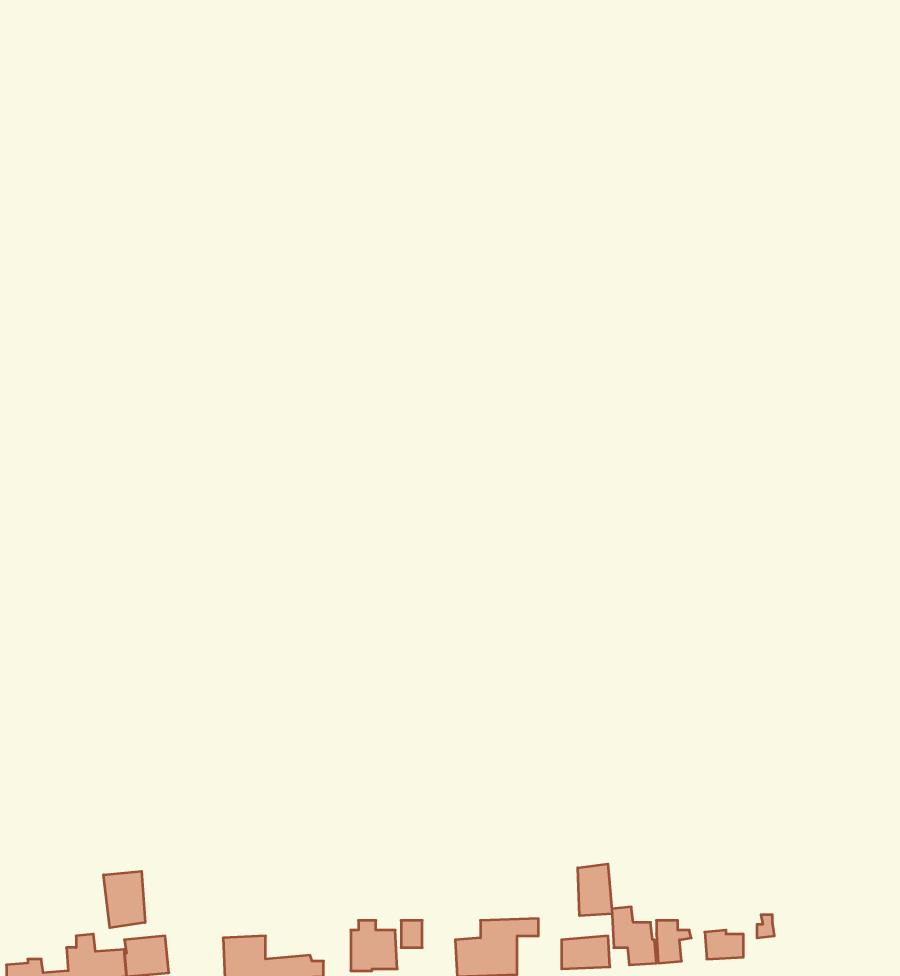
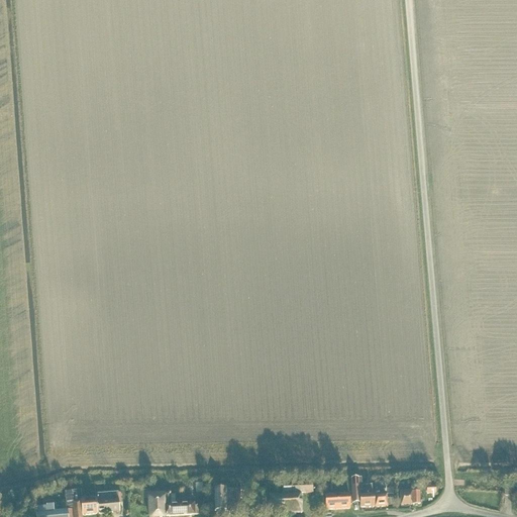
building: [578,864,612,916] -> none
building: [104,871,145,928] -> none

